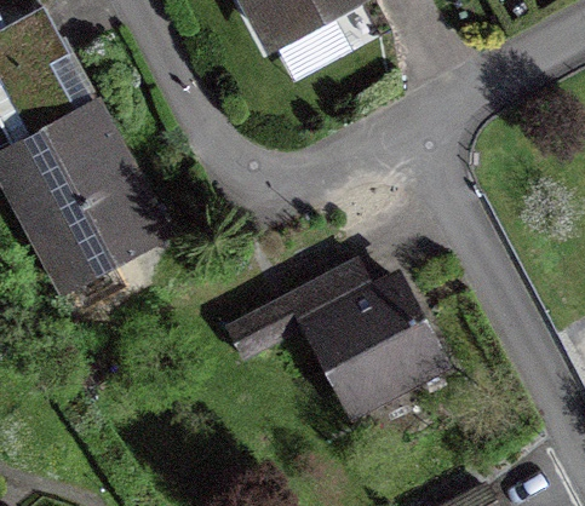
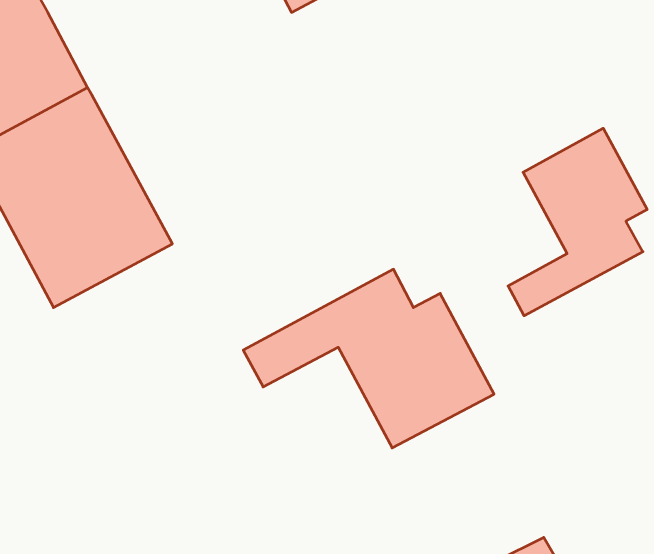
building: none -> [508,128,647,316]

